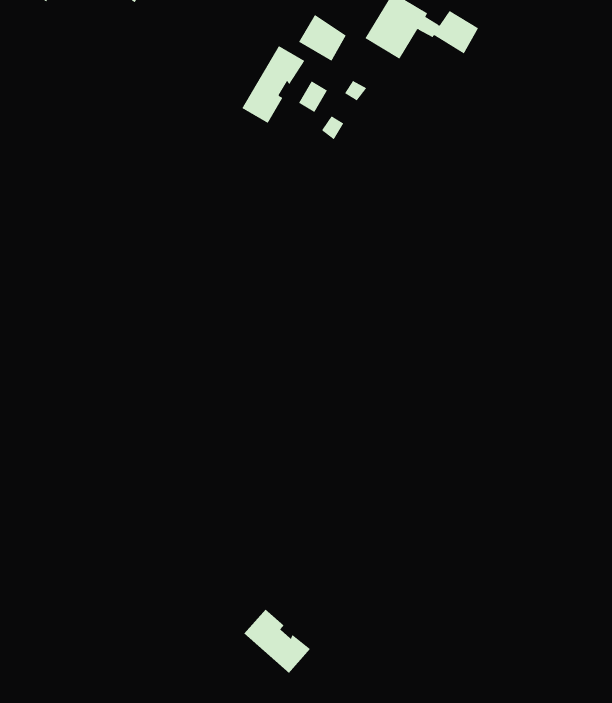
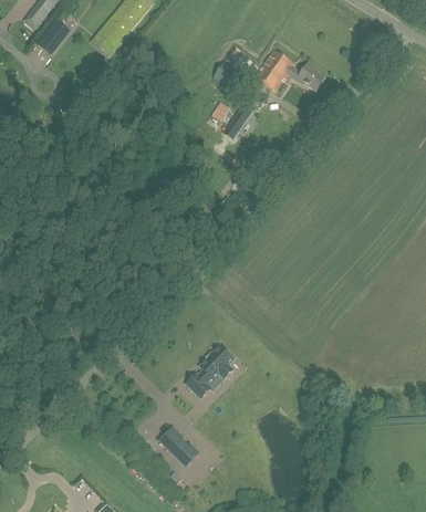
building: [242,45,305,124] -> none
building: none -> [187,345,233,398]

